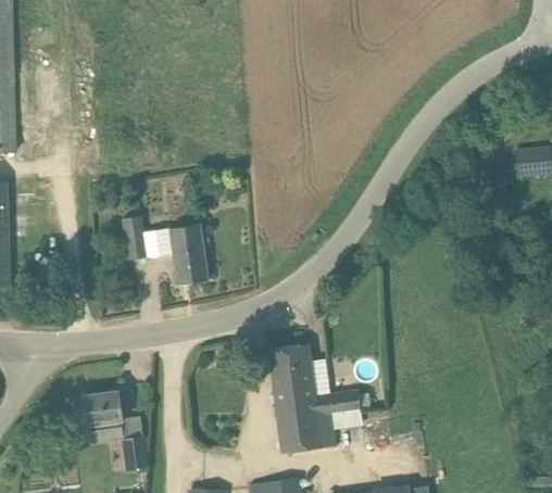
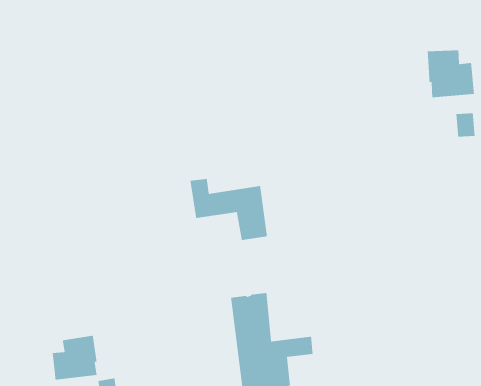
building: none -> [427,50,475,98]
building: [123,216,209,285] -> [190,178,268,241]

